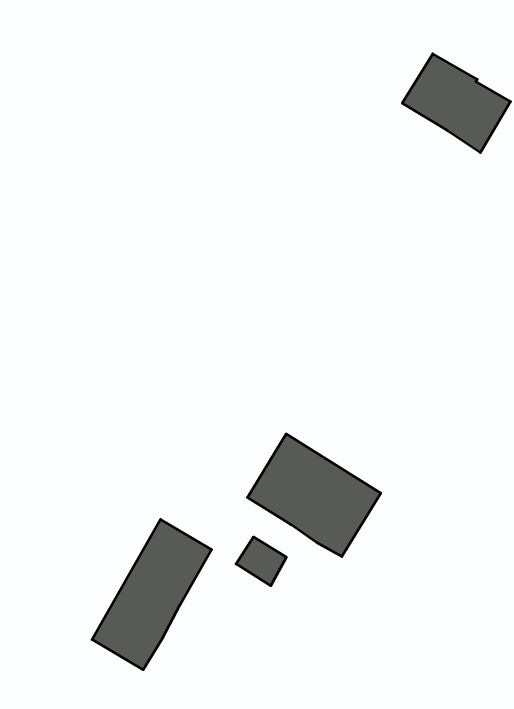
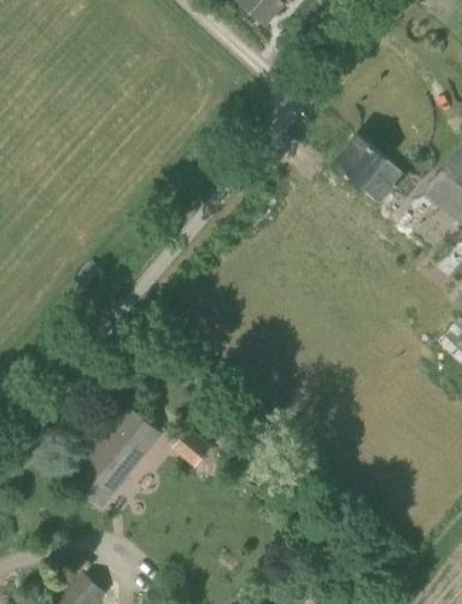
building: [247,434,381,557] -> none

